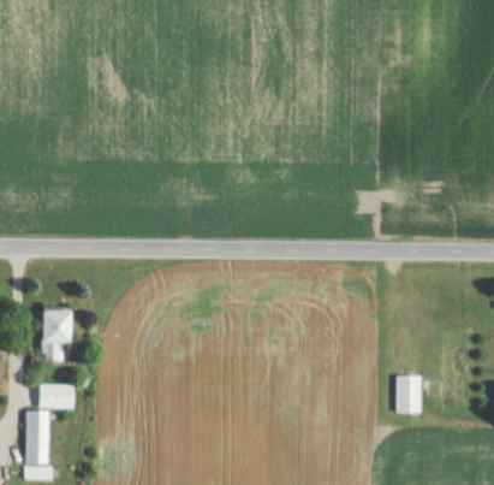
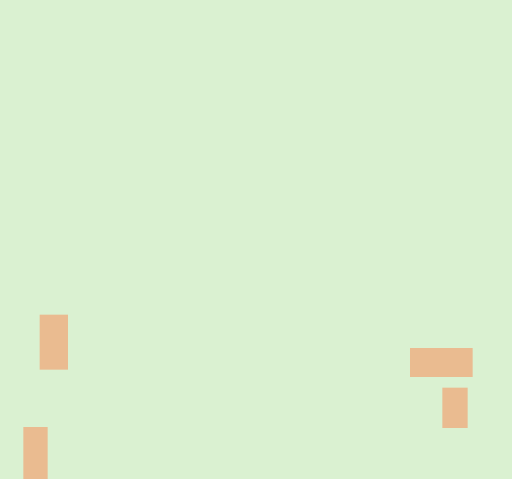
building: none -> [409,347,474,378]
building: [40,383,75,406] -> none

